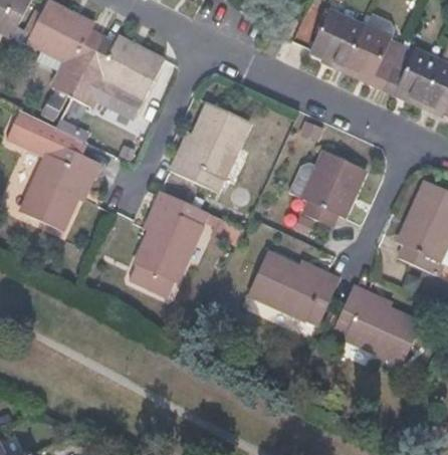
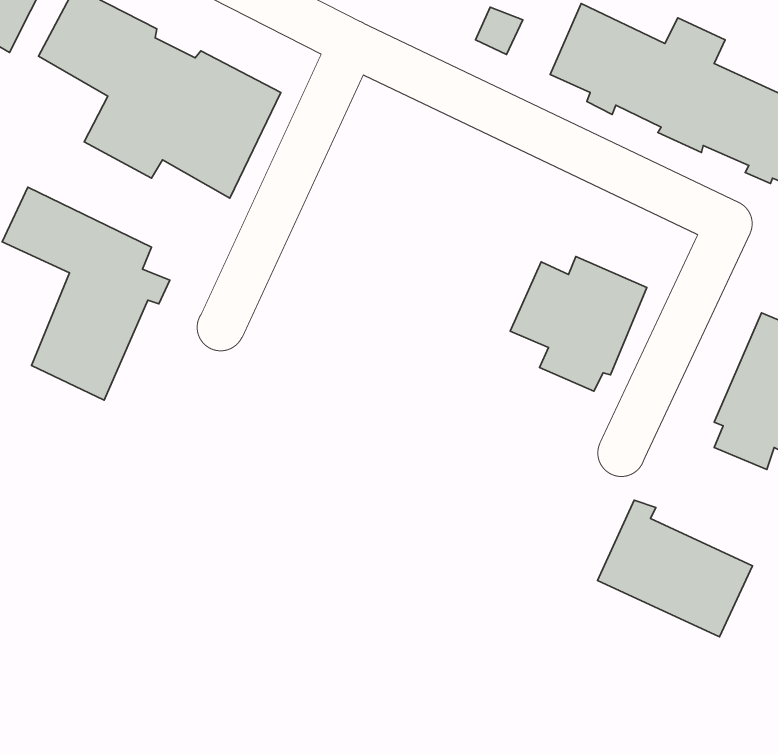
building: [170,103,247,191] -> none
building: [131,193,207,295] -> none
building: [251,253,341,323] -> none

